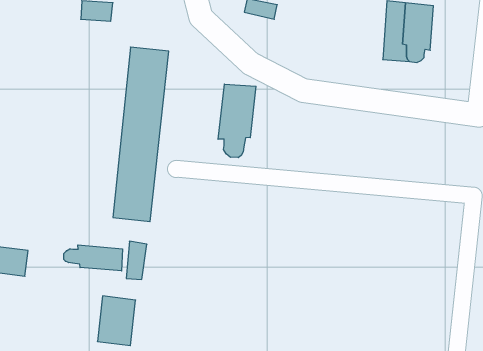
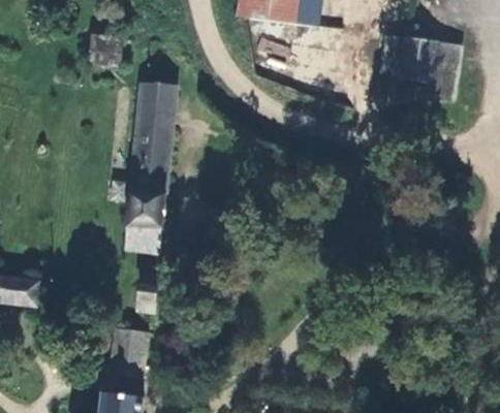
building: none -> [426,40,459,100]
building: [218,84,256,158] -> none
building: [64,245,122,271] -> none

